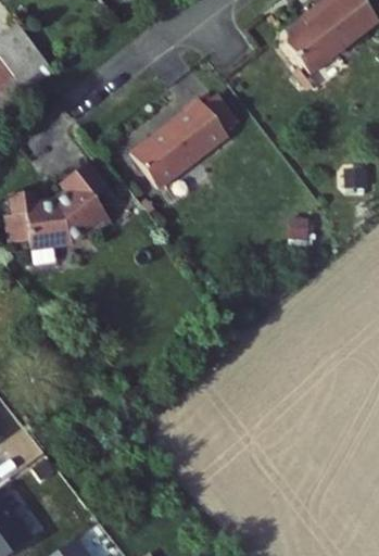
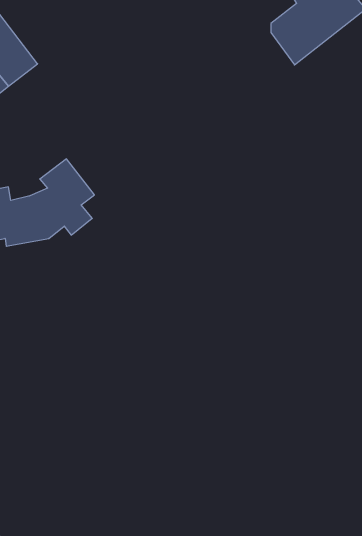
building: [134,91,230,188] -> none

